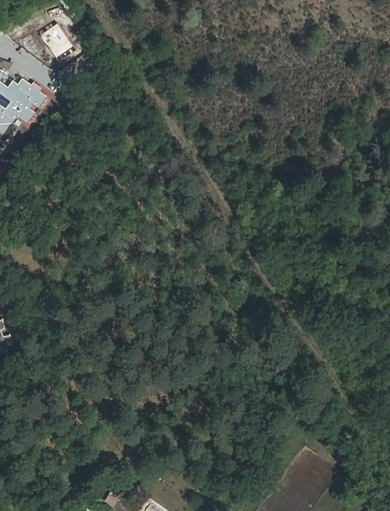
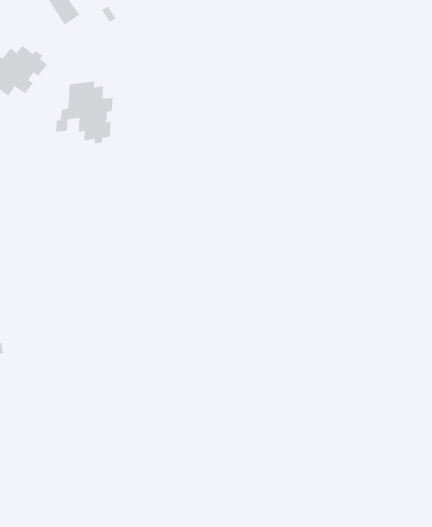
building: none -> [56,80,113,144]

